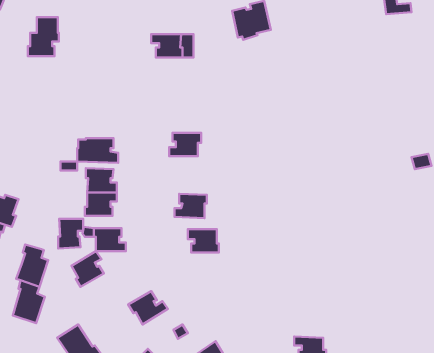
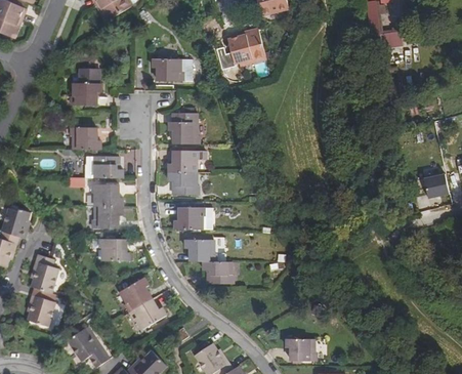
building: [28,17,59,56] -> [72,70,100,106]
building: none -> [169,122,199,144]
building: none -> [71,127,100,150]
building: none -> [168,172,198,194]
building: [58,219,83,248] -> none
building: [72,251,104,287] -> [123,277,153,309]
building: none -> [203,261,233,284]

